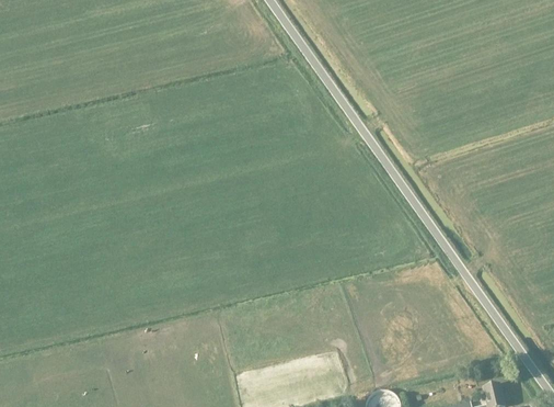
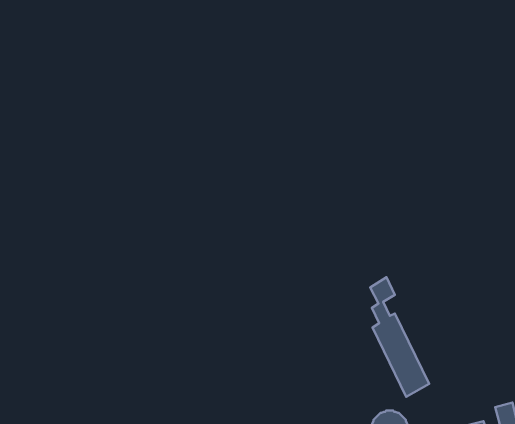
building: none -> [370,277,429,397]

